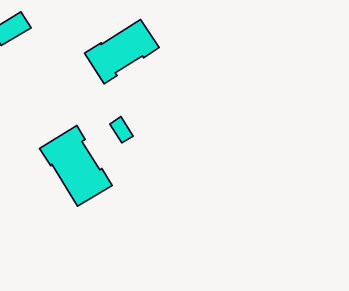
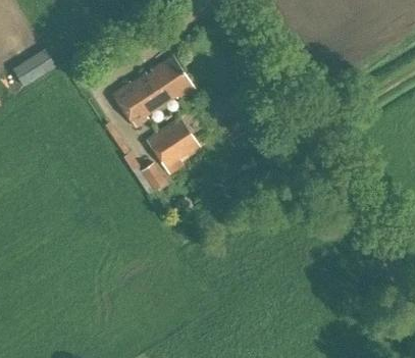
building: none -> [147,119,201,170]
building: [40,126,112,206] -> none

